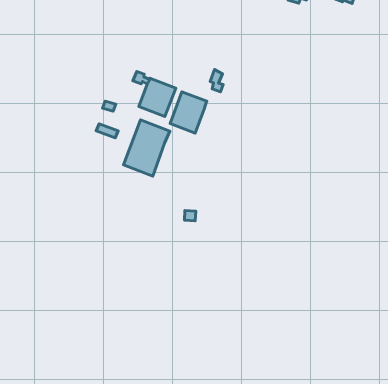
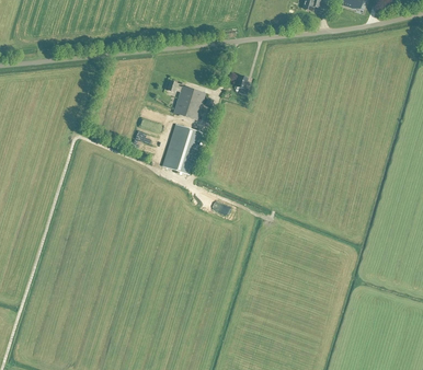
building: [170,92,207,133] -> none

